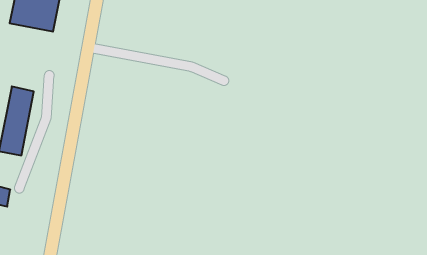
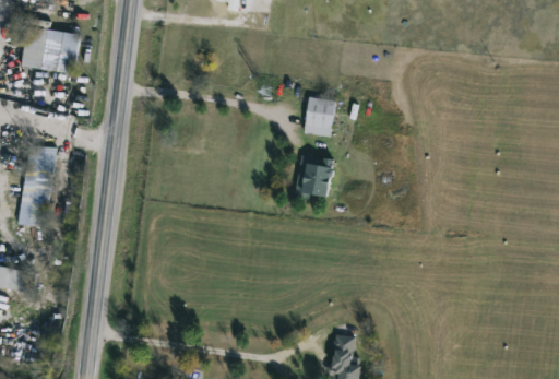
building: none -> [304,96,335,137]
building: none -> [295,155,332,200]

